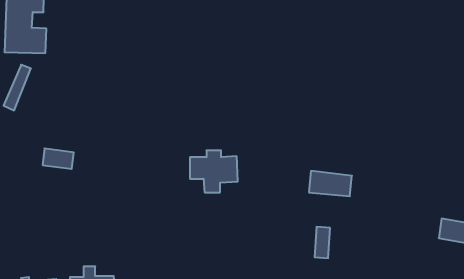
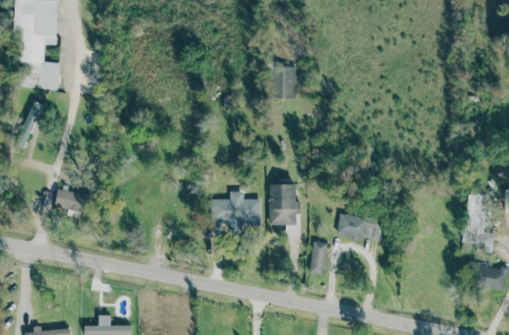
building: none -> [273,66,296,98]
building: none -> [268,183,300,236]
building: none -> [459,193,492,248]
building: [315,227,330,258] -> [310,241,326,274]

